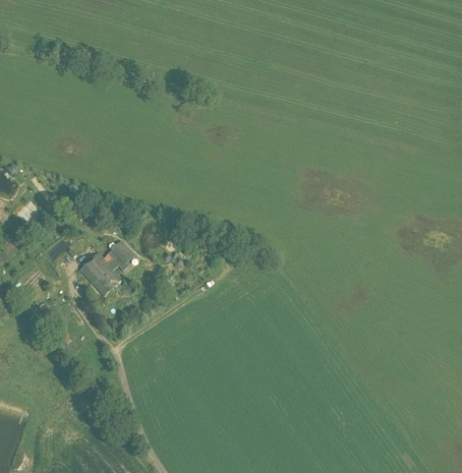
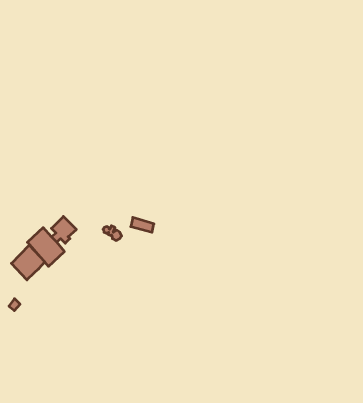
building: none -> [11,245,45,280]

